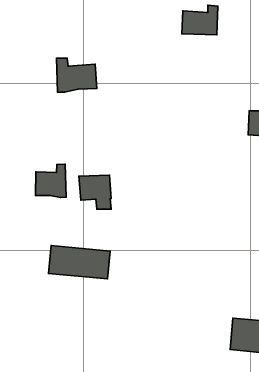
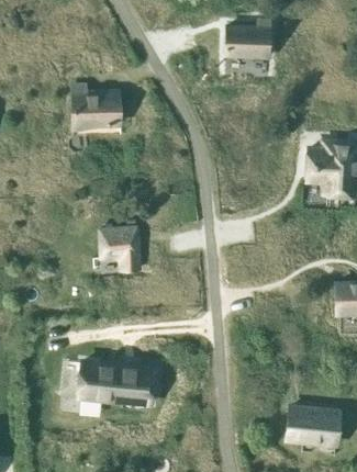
building: [36,164,66,198] -> none
building: [48,246,110,279] -> [78,362,154,403]

